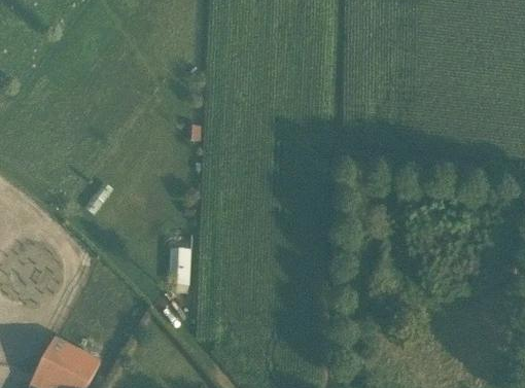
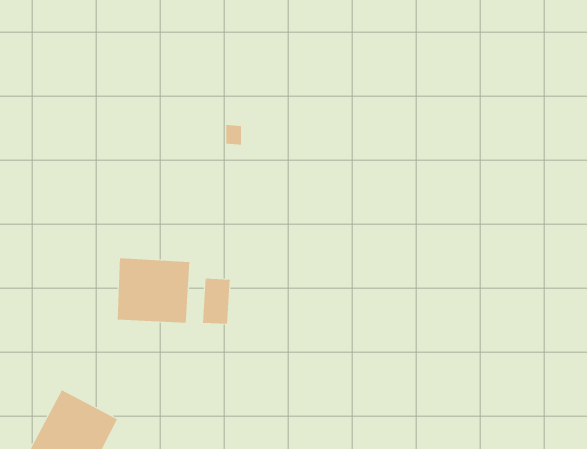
building: none -> [117,257,190,323]

